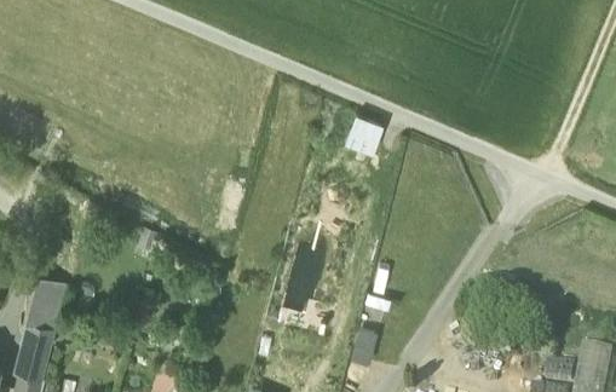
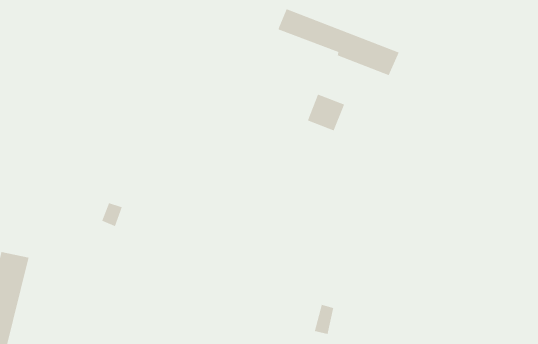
building: none -> [277,8,400,76]

